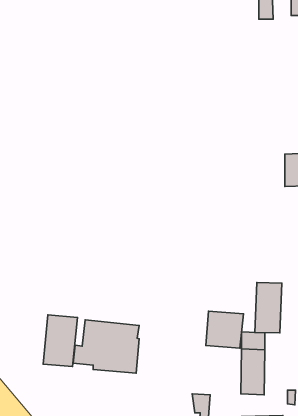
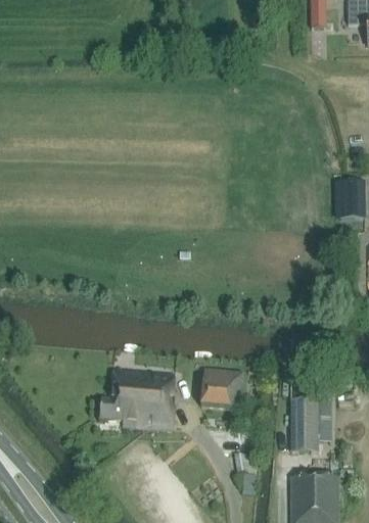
building: [255,283,282,333] -> none
building: [206,311,243,348] -> [201,368,244,410]
building: [43,315,77,366] -> none

